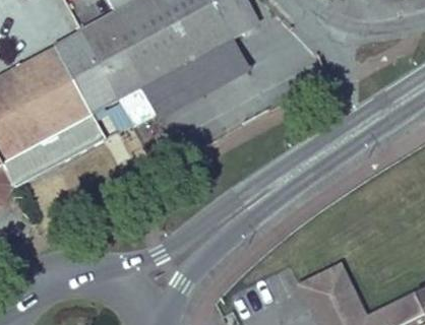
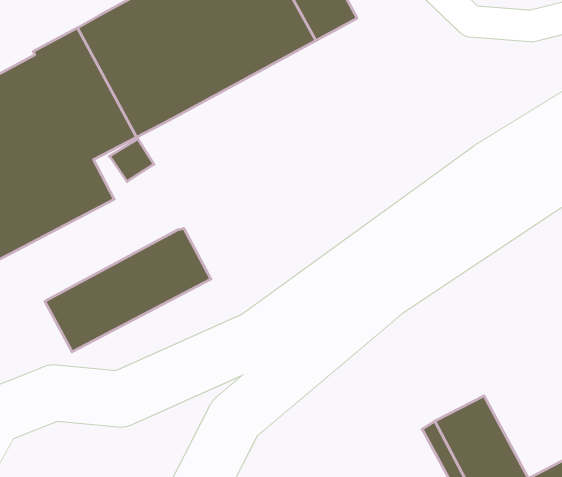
building: [138,38,250,123] -> none
building: none -> [45,228,211,352]

